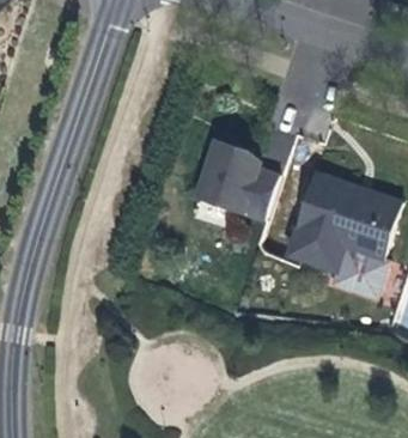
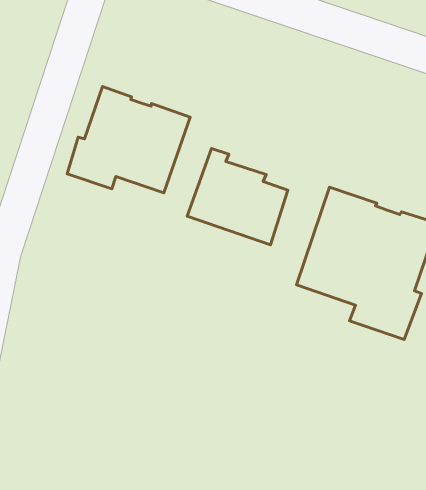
building: none -> [67,86,190,193]

